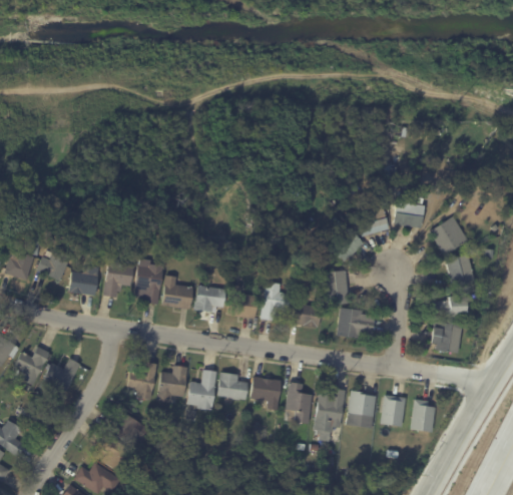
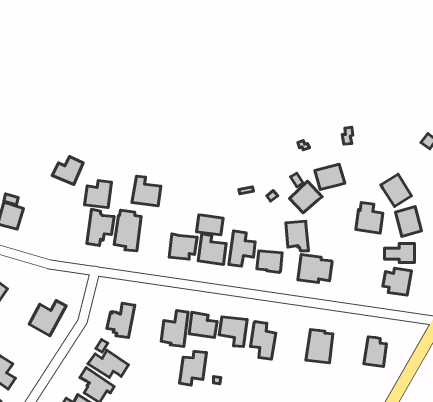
building: [394,193,424,227] -> [356,202,383,233]
building: [35,250,69,281] -> [52,157,83,185]
building: none -> [197,215,223,235]
building: [68,265,98,295] -> [85,180,112,207]
building: [161,276,193,309] -> [132,176,161,206]
building: [14,347,49,385] -> none
building: [156,366,186,403] -> [179,352,207,385]
building: [314,388,345,442] -> none
building: [380,394,406,427] -> none

